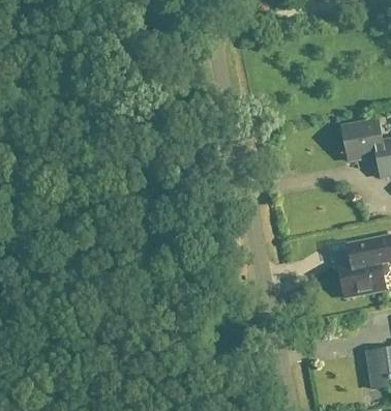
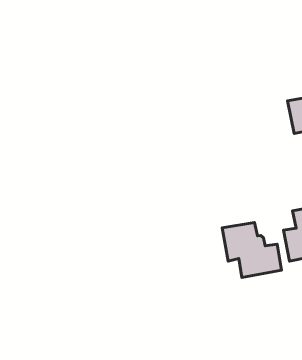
building: none -> [222,222,282,278]

